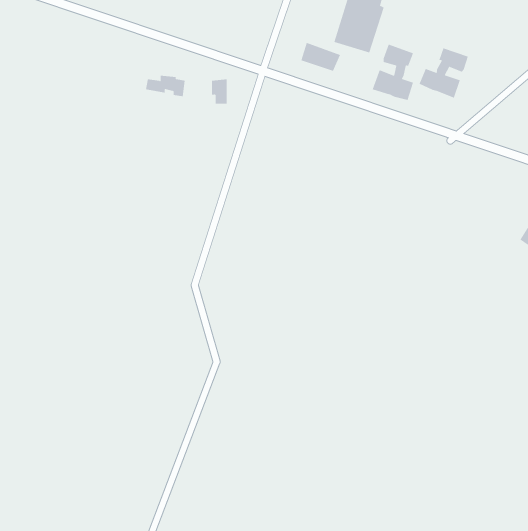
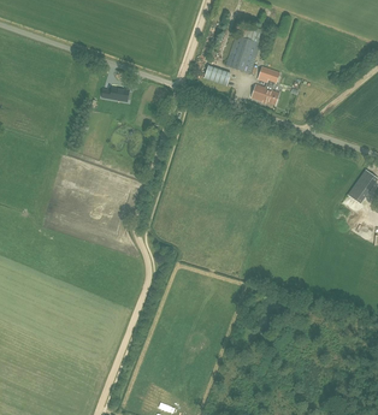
building: [419,47,469,99] -> none

